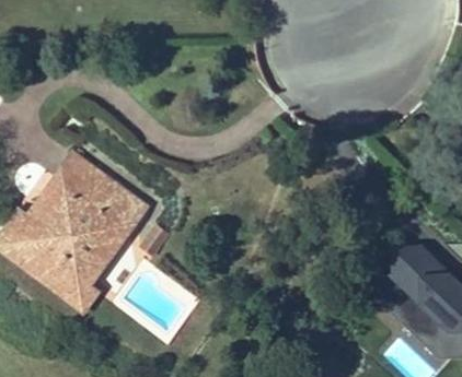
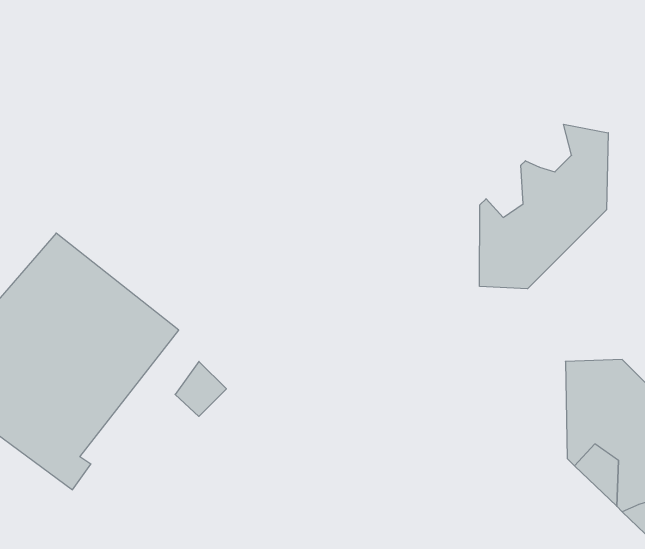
building: none -> [480,124,608,289]

